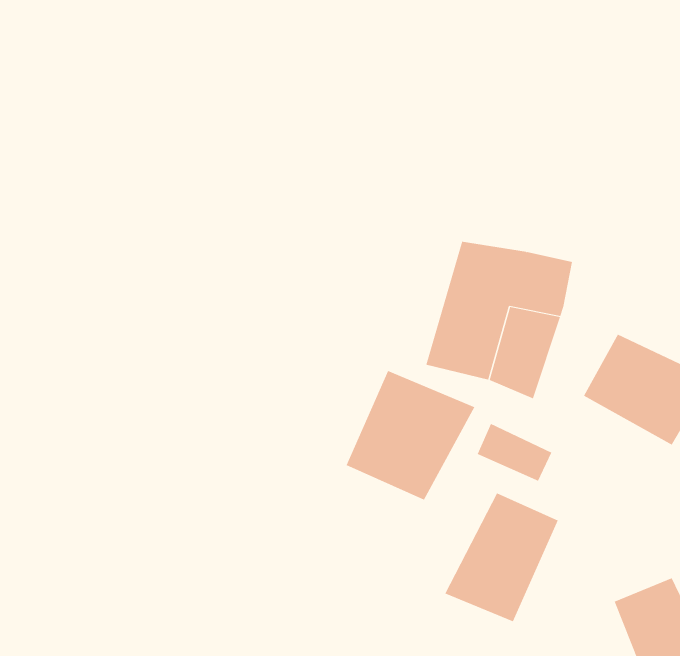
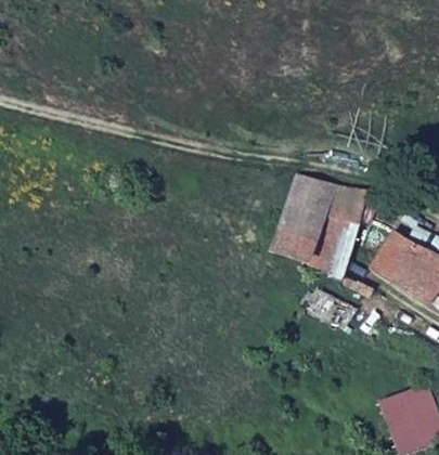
building: [346,370,475,501] -> none
building: [444,493,558,622] -> none

